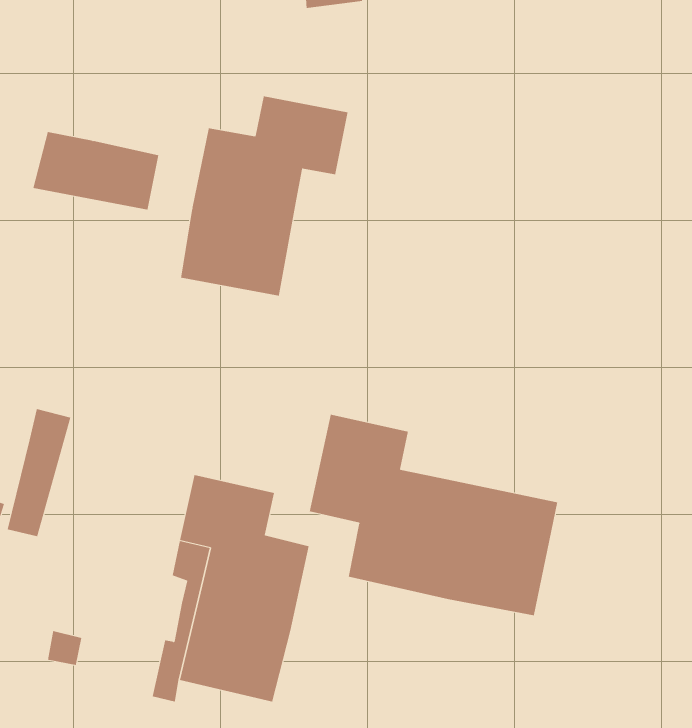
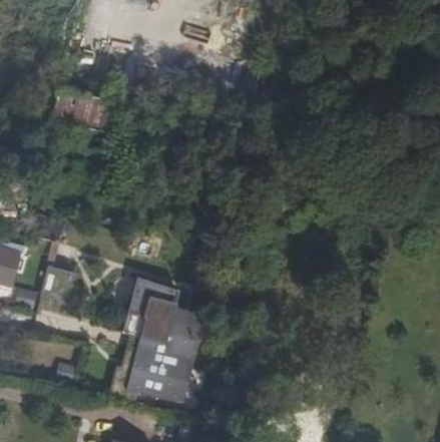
building: [181,95,348,297] -> none
building: [309,414,558,616] -> none

